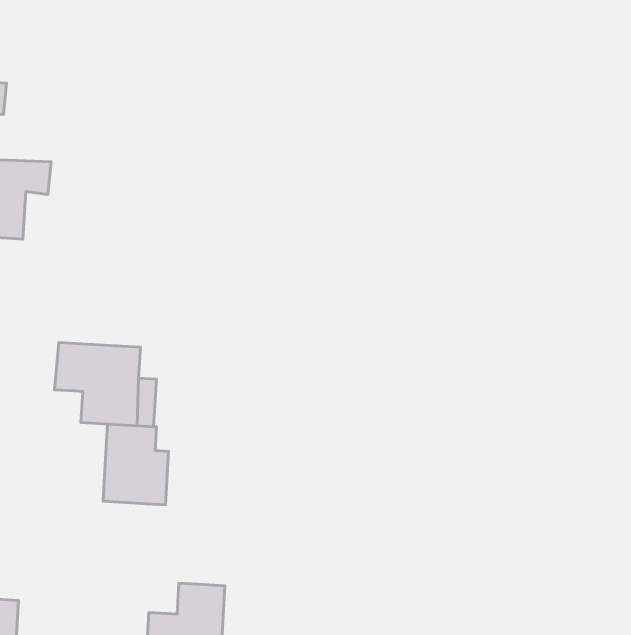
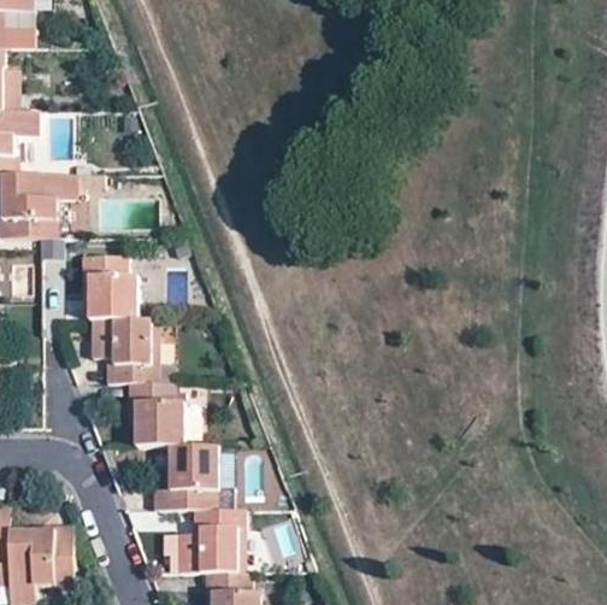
building: none -> [86,255,136,319]
building: none -> [148,446,218,509]

